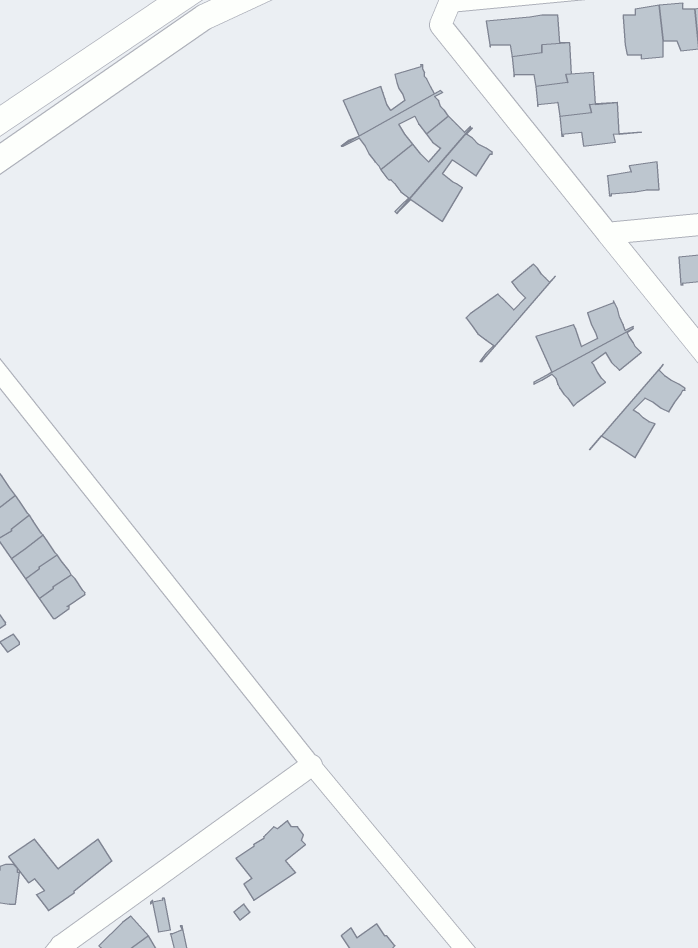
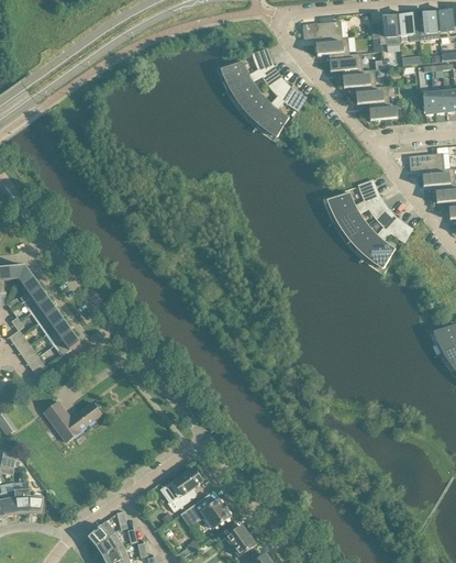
building: none -> [355,86,388,110]
building: [466,264,555,362] -> [349,208,399,262]
building: [9,839,112,911] -> [43,401,100,441]
building: none -> [187,493,230,528]

